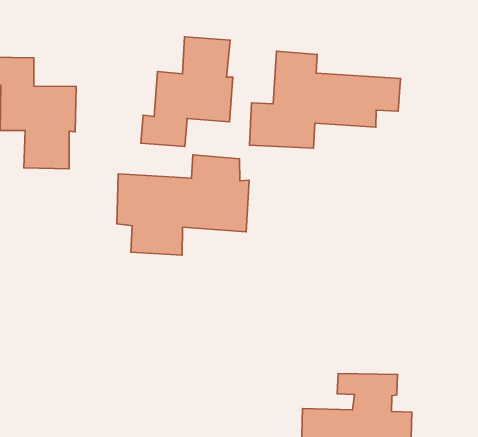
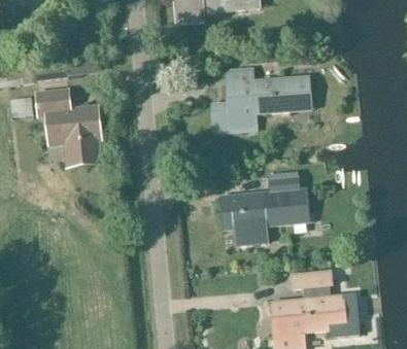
building: [141,37,233,146] -> none
building: [117,155,249,255] -> [221,176,309,246]

